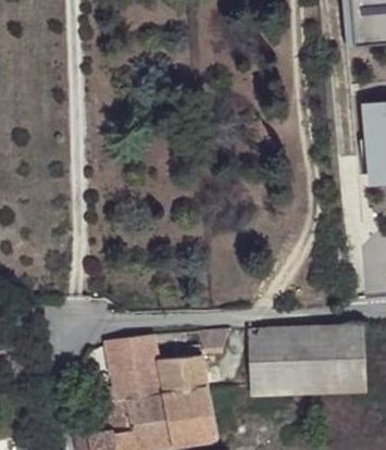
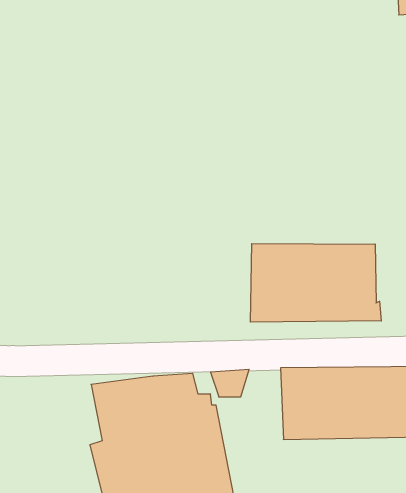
building: none -> [251,244,381,322]

